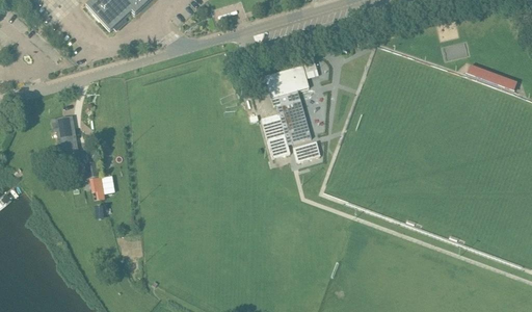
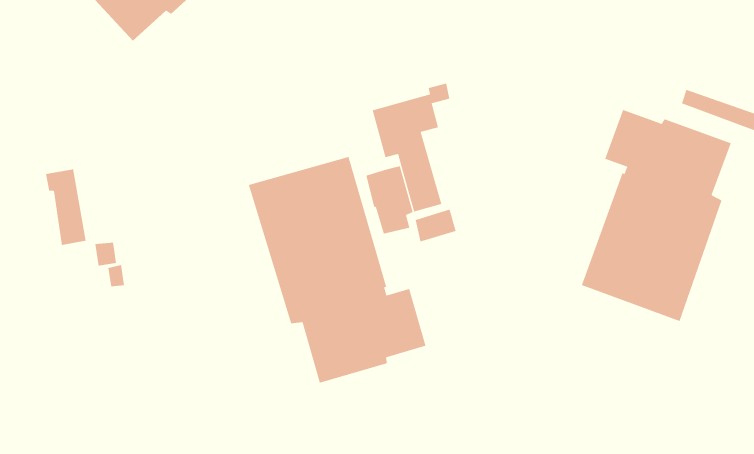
building: none -> [581,109,731,322]
building: none -> [248,156,426,383]

